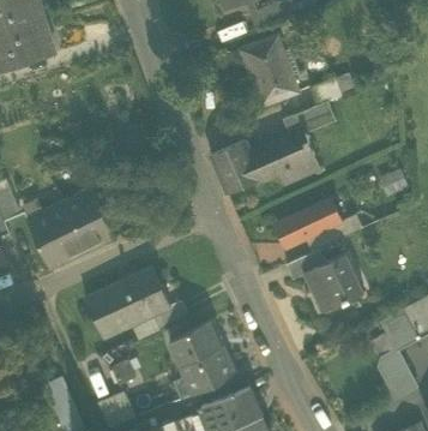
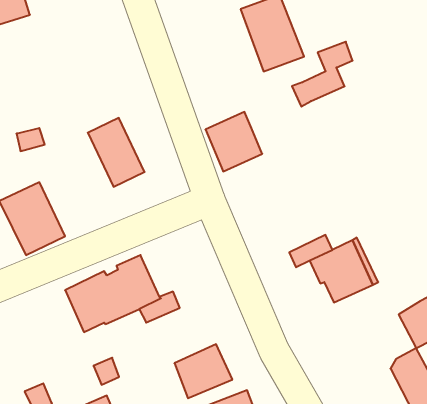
building: [252,131,315,178] -> none
building: [64,190,114,251] -> [88,118,145,187]
building: [279,199,340,245] -> none
building: [170,319,221,365] -> none

